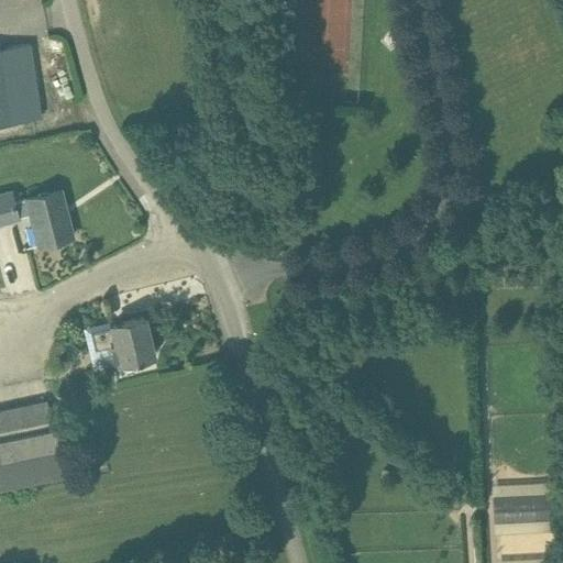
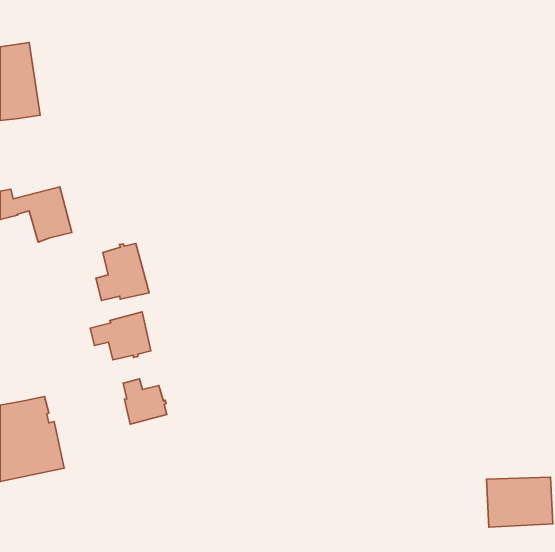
building: none -> [96,243,149,300]
building: none -> [123,379,167,424]

